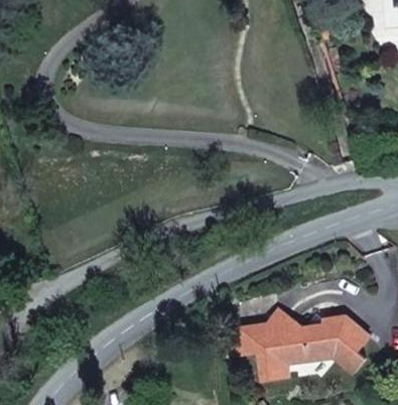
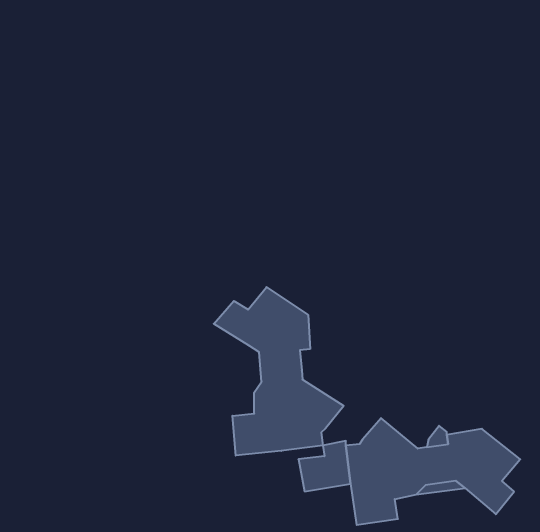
building: none -> [214,287,344,456]

